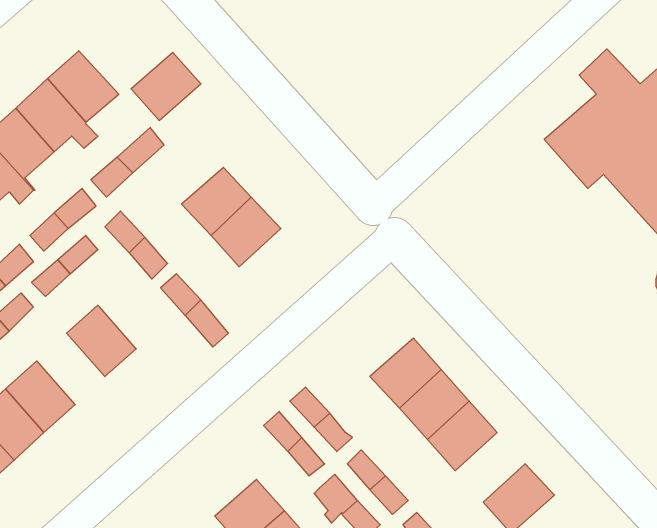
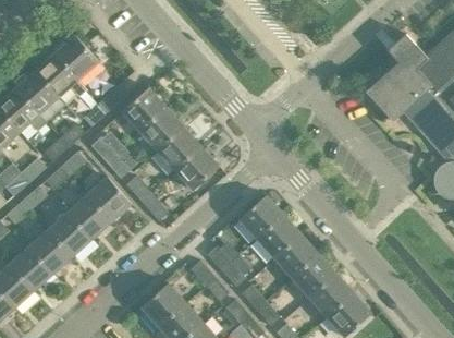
building: [131,52,201,120] -> [121,88,164,131]
building: none -> [174,146,218,190]
building: none -> [85,177,130,221]
building: none -> [238,194,283,239]
building: none -> [48,212,90,256]
building: none -> [309,274,353,317]
building: none -> [140,282,185,326]

